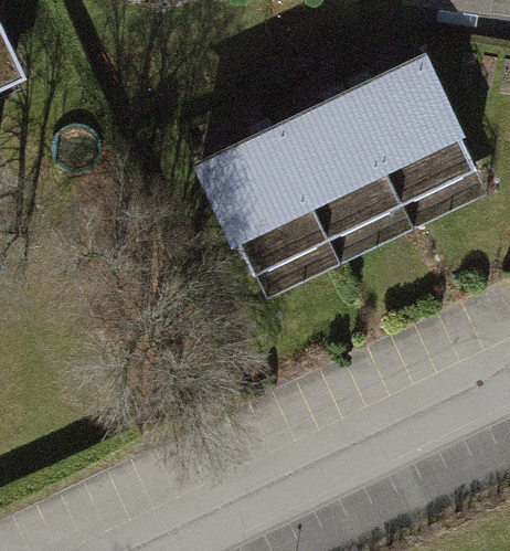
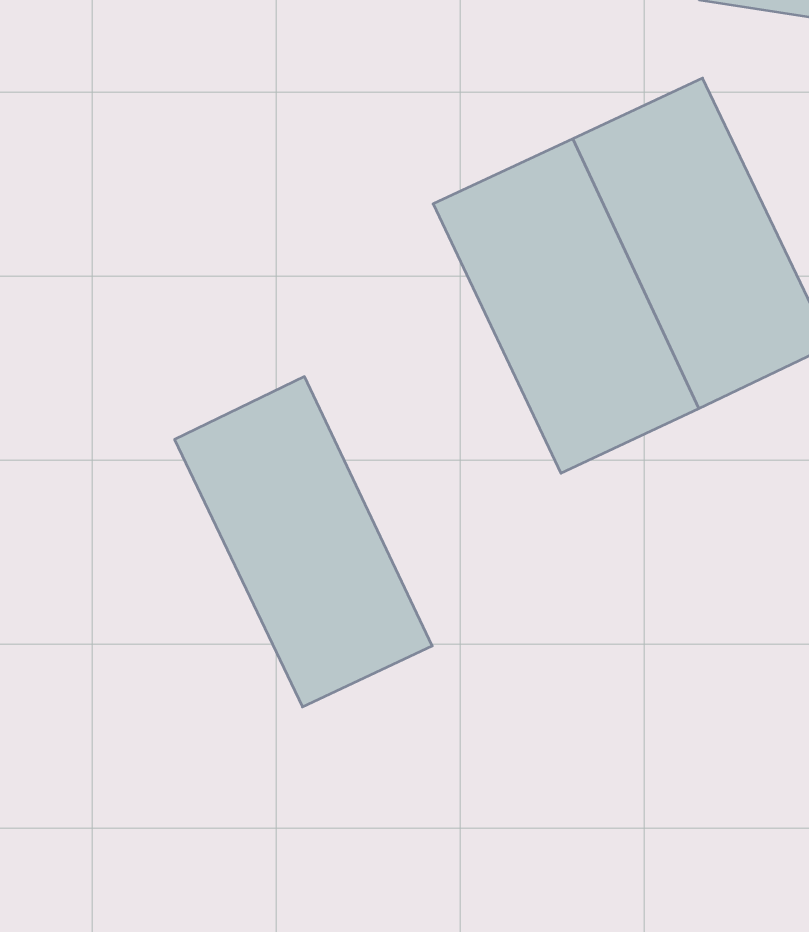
building: [195,116,340,301] -> [175,377,432,707]

